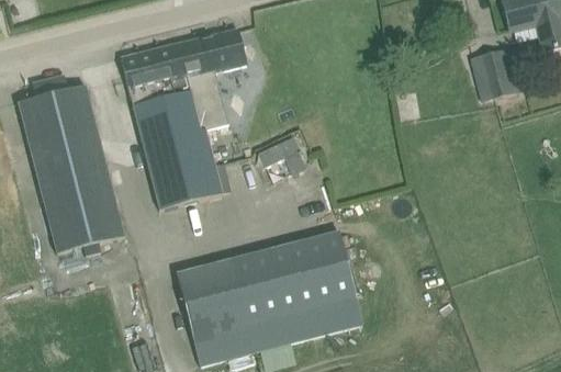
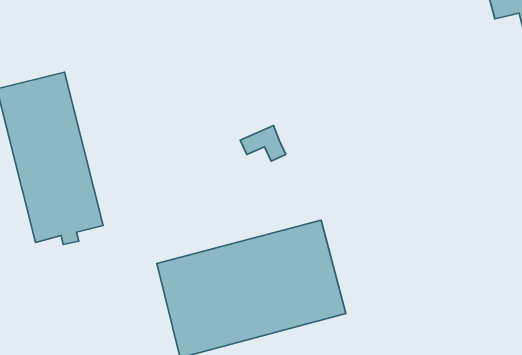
building: [121,29,246,208] -> none
building: [481,50,510,98] -> none

